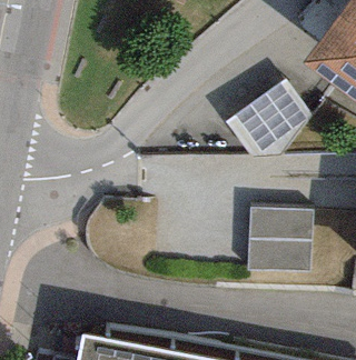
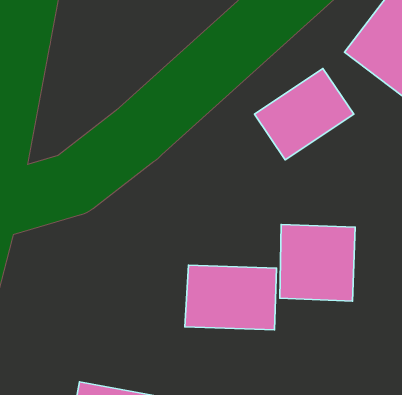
building: none -> [185,265,277,330]

